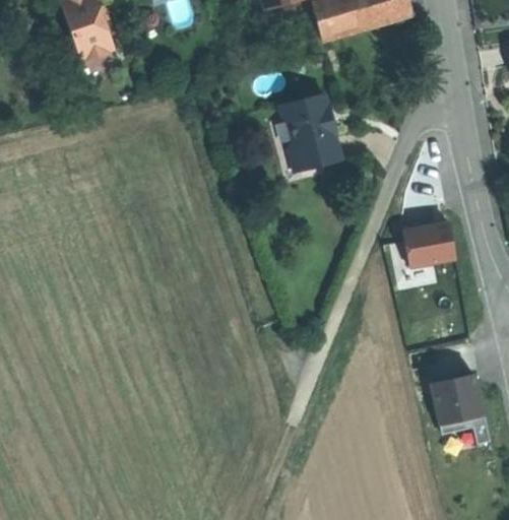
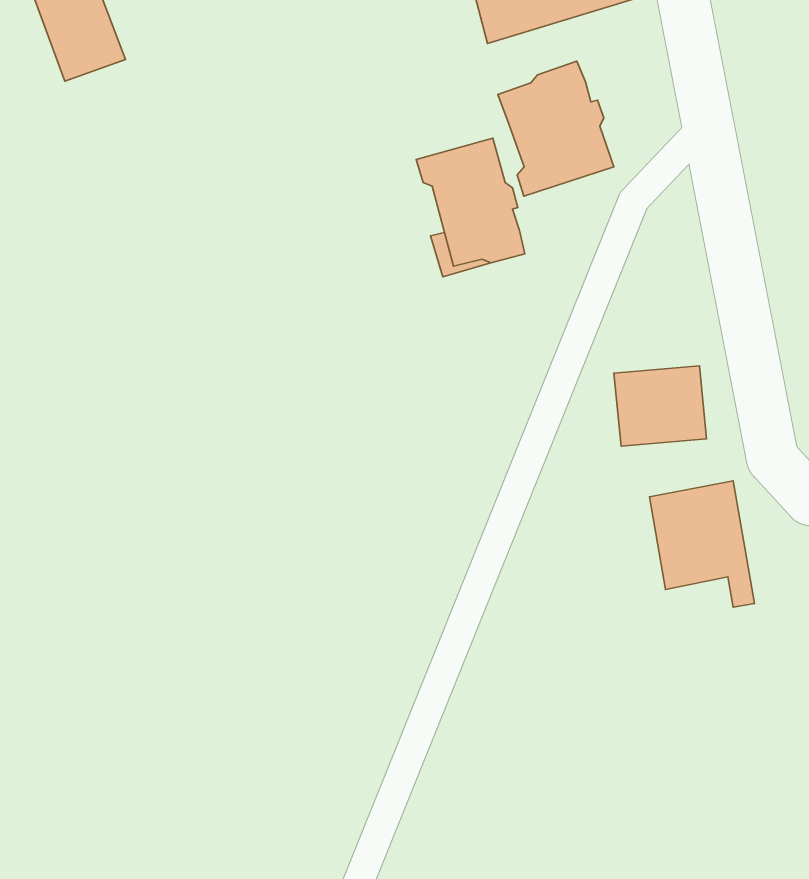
building: none -> [498,61,614,196]
building: [425,373,485,445] -> [649,481,755,607]

